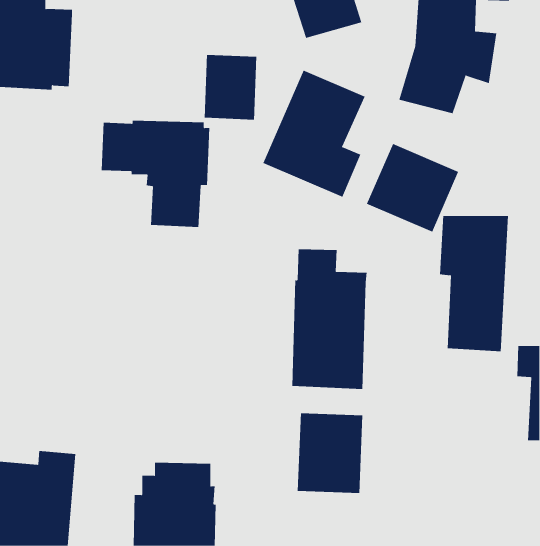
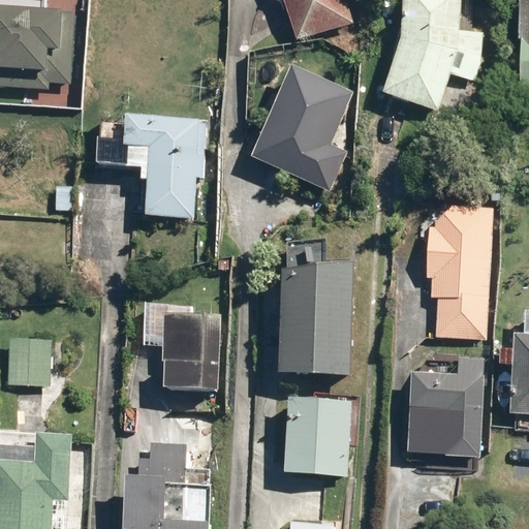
building: [204,54,257,120] -> none
building: [366,143,459,233] -> none
building: none -> [143,304,221,390]
building: none -> [6,339,46,384]
building: none -> [407,357,483,469]

